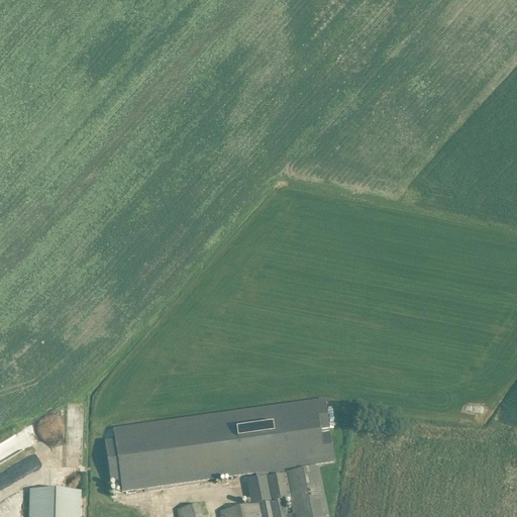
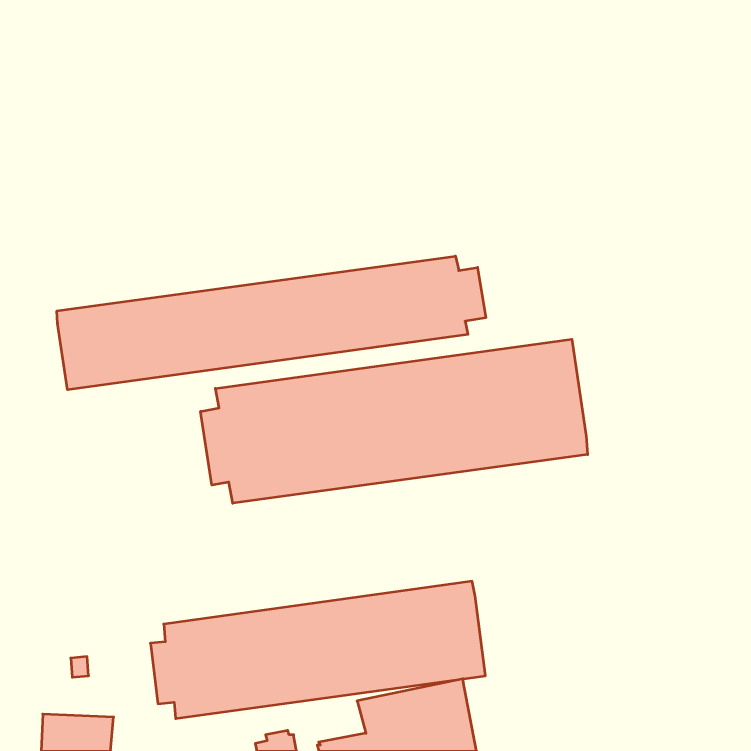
building: none -> [57,256,486,390]
building: none -> [201,339,588,503]

